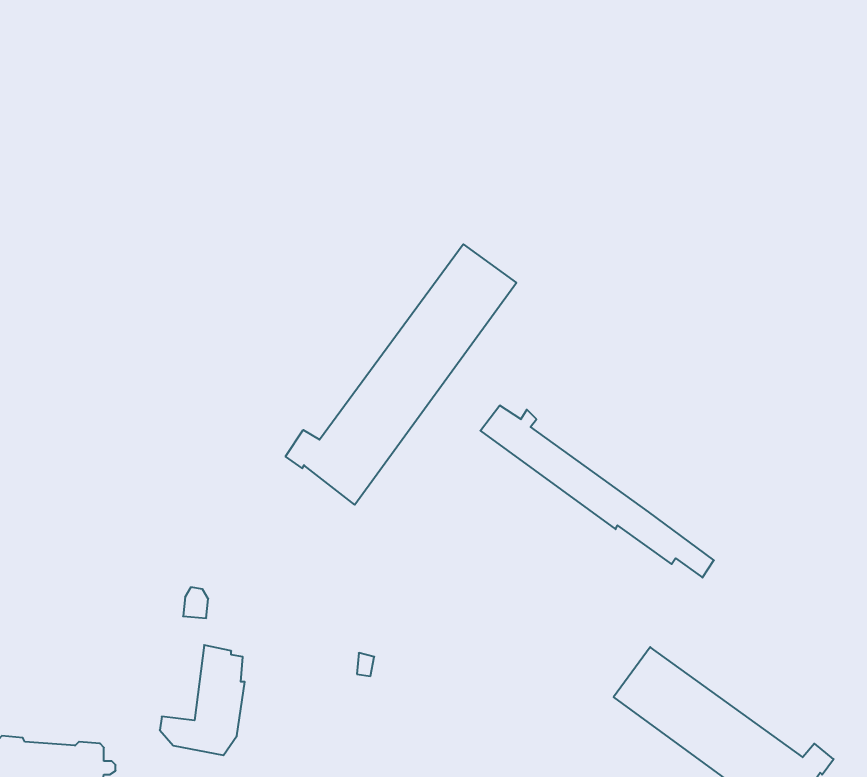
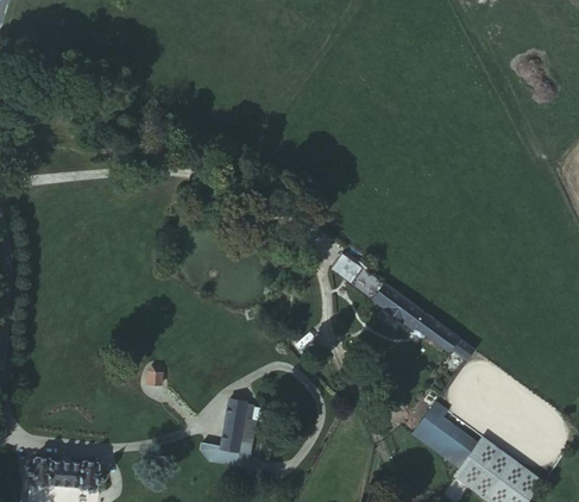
building: [286,244,516,505] -> none
building: [160,645,245,755] -> [201,400,253,468]

